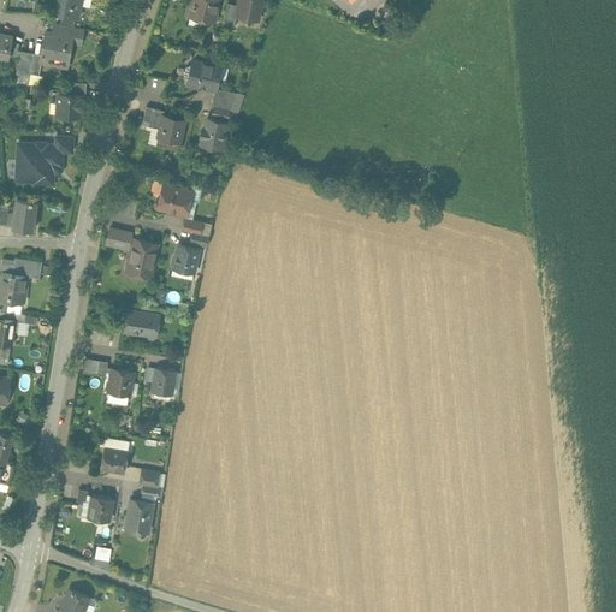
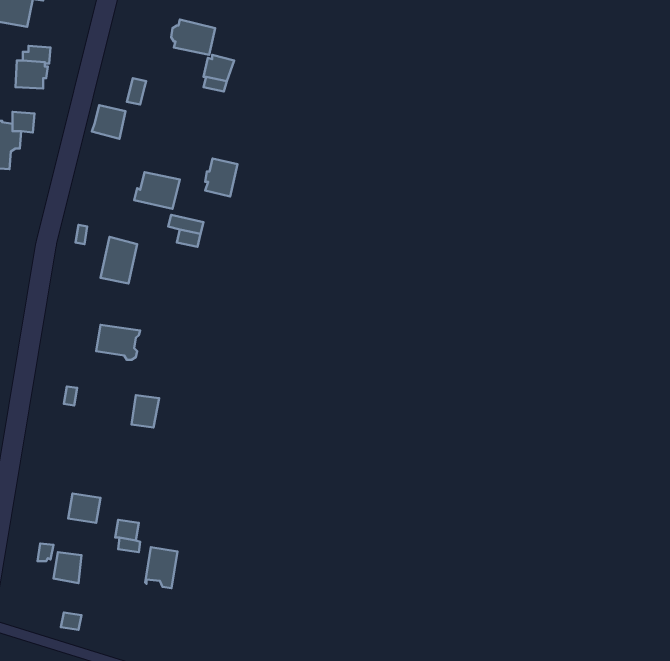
building: [156,117,184,144] -> [92,105,126,139]
building: [200,119,226,150] -> [205,158,238,197]
building: [171,245,199,274] -> none
building: [106,369,132,396] -> none
building: [125,500,152,534] -> [145,547,177,588]

